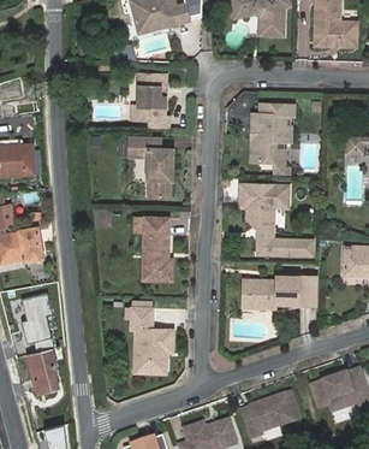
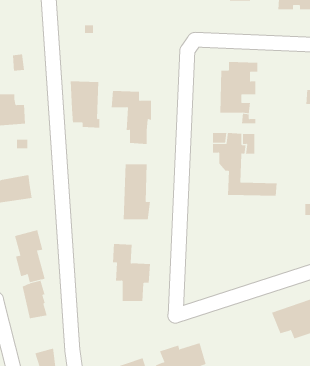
building: [135,72,168,125] -> [70,81,100,128]
building: [242,274,317,307] -> none
building: [240,390,298,430] -> none

